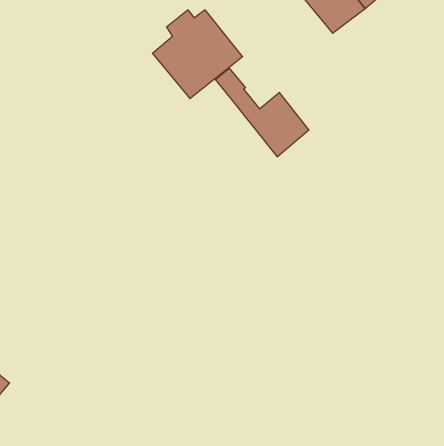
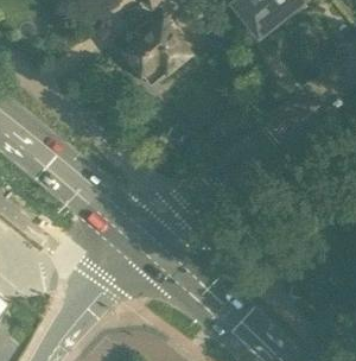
building: [216,68,309,157] -> none

